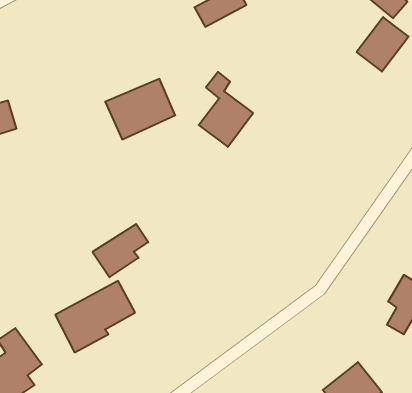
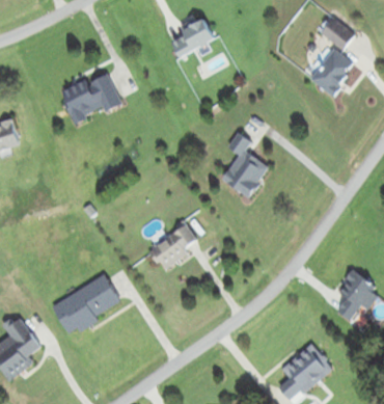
building: [199,72,253,147] -> [222,132,269,196]
building: [105,79,175,139] -> [60,71,120,123]
building: [93,224,148,277] -> [148,224,196,270]

